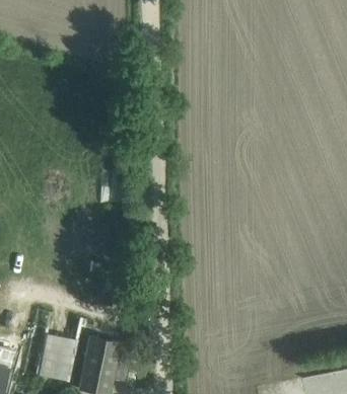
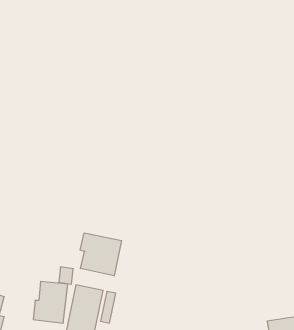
building: none -> [80,233,122,276]

